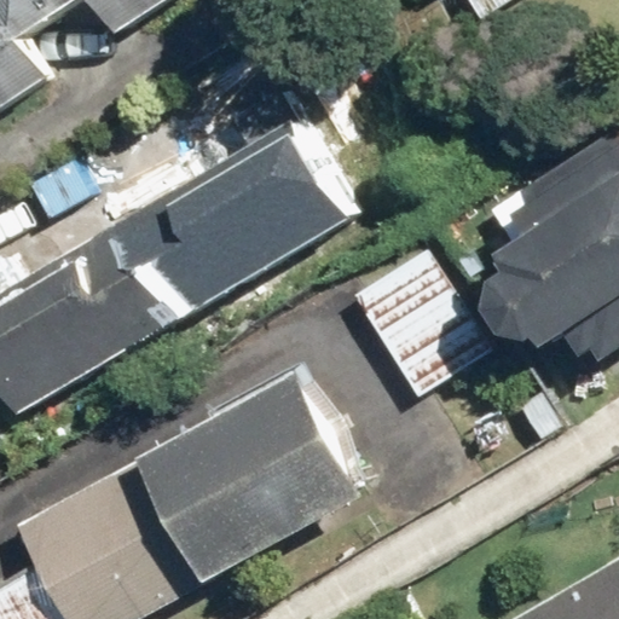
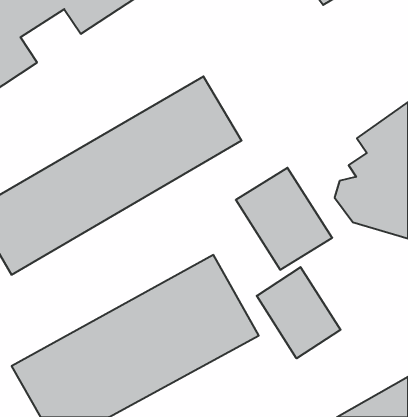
building: none -> [257,267,341,358]

